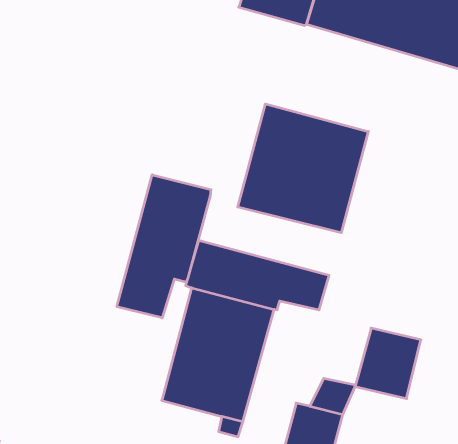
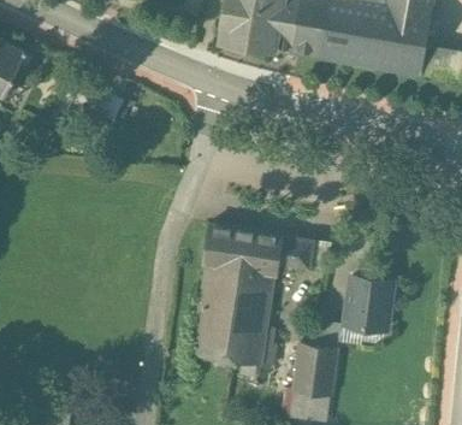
building: [238,104,368,233] -> none
building: [117,175,211,318] -> none

